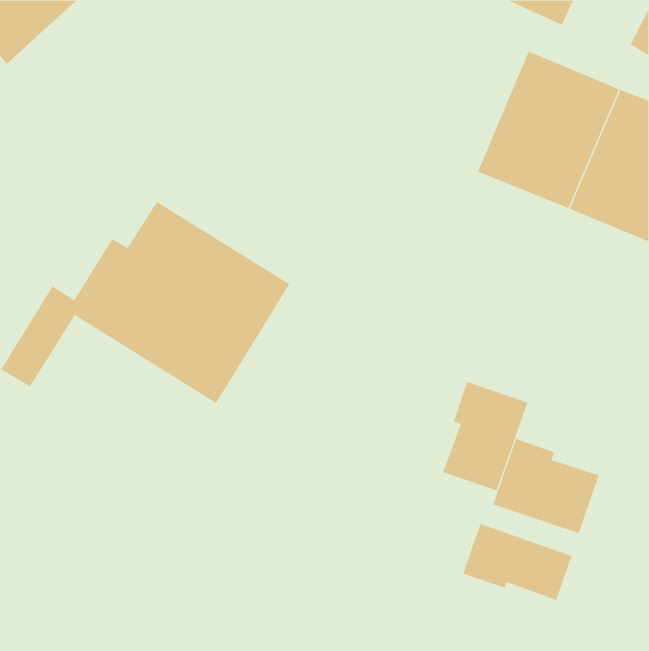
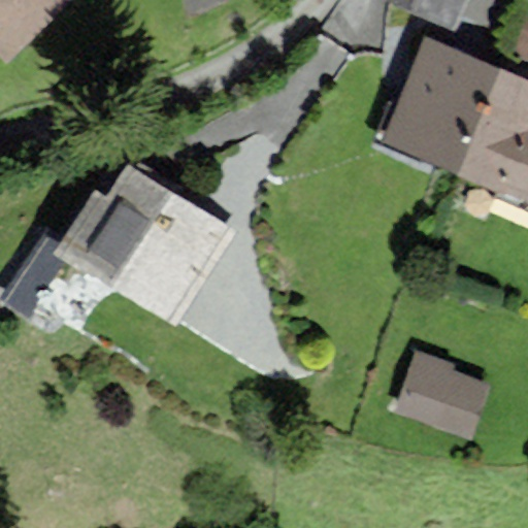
building: [443,381,528,491] -> none
building: [463,523,572,601] -> none

